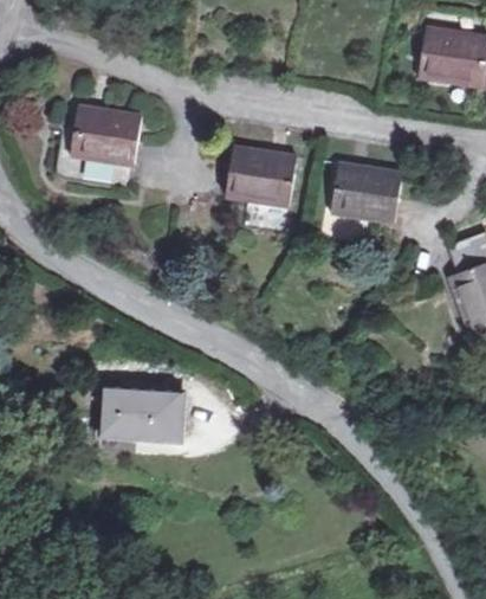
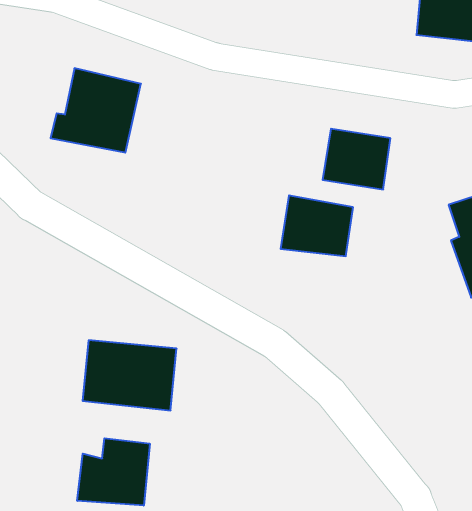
building: [225,148,297,208] -> [281,195,353,256]
building: none -> [77,438,150,506]

